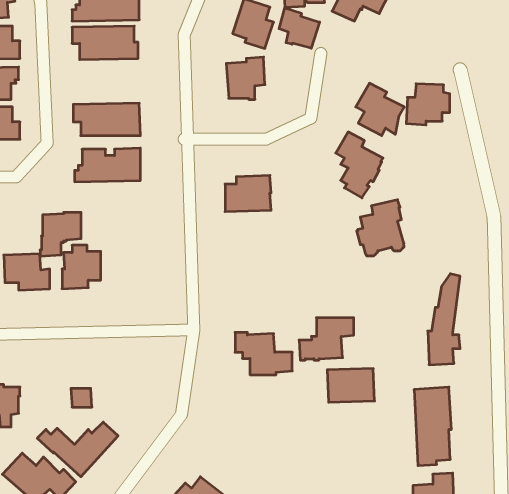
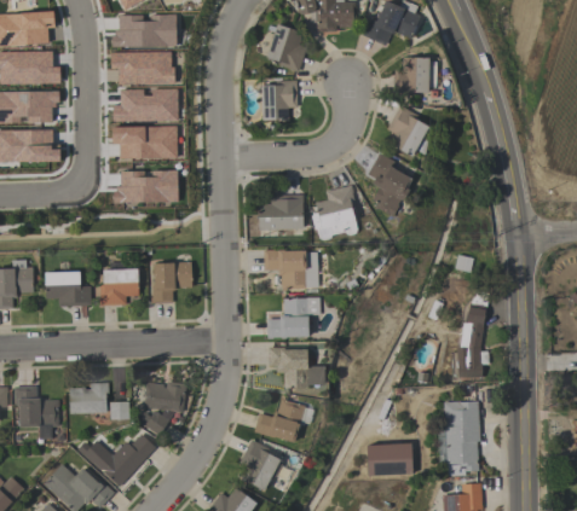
building: [279,8,320,48] -> none
building: none -> [114,88,179,121]
building: [406,84,450,125] -> [394,57,437,97]
building: [357,200,404,256] -> [312,186,358,240]
building: [40,212,81,256] -> [152,262,192,304]
building: none -> [265,250,318,291]
building: [299,318,354,360] -> [267,298,321,339]
building: none -> [139,382,186,436]
building: none -> [69,383,109,414]
building: [327,369,375,402] -> [367,443,412,476]
building: none -> [255,399,305,443]
building: none -> [241,440,283,492]

